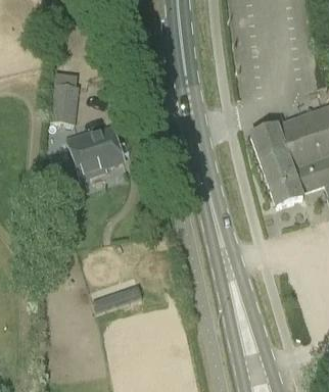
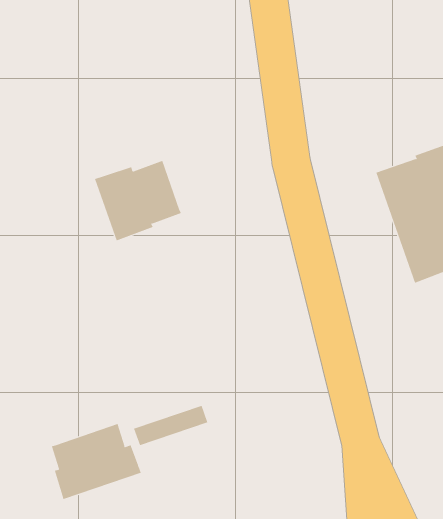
building: [50,84,79,121] -> none
building: none -> [51,423,141,500]

